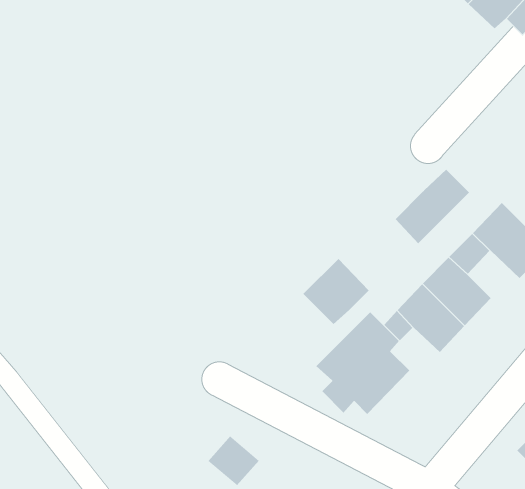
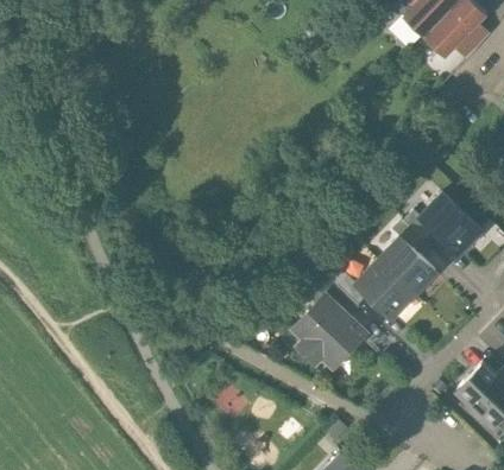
building: [395,169,470,244] -> none
building: [303,258,370,325] -> none

